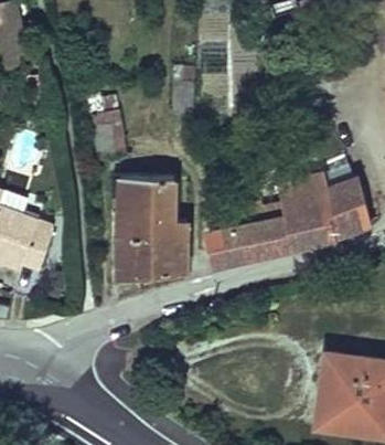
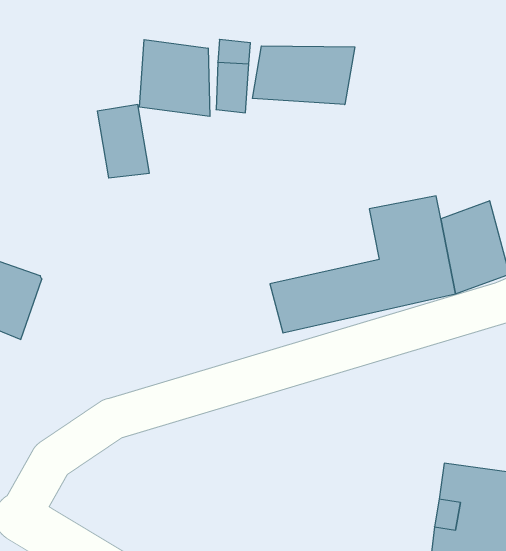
building: none -> [140,40,210,116]
building: none -> [252,46,355,105]
building: [116,176,186,276] -> none

